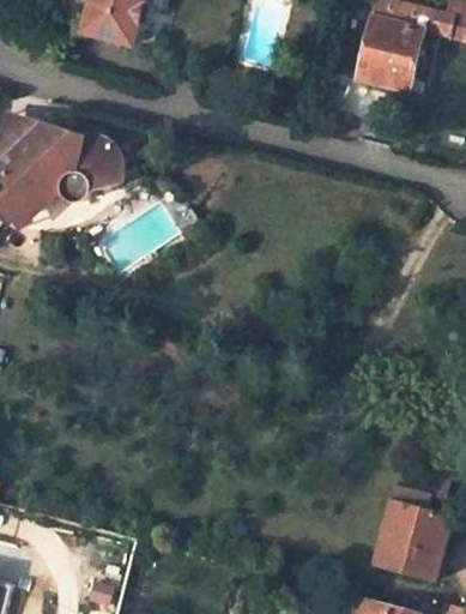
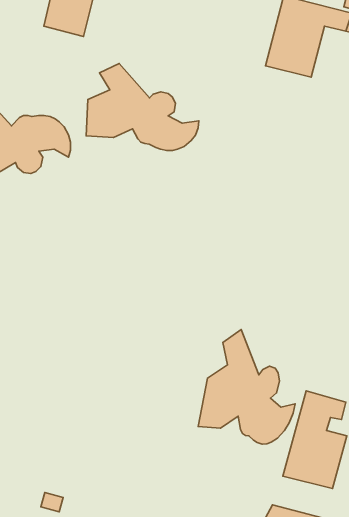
building: none -> [86,63,199,150]
building: none -> [198,330,295,444]

